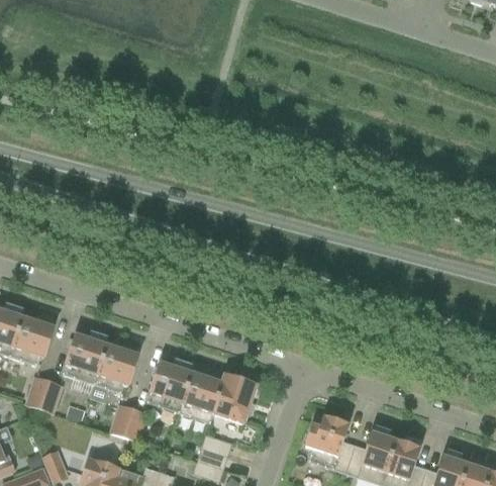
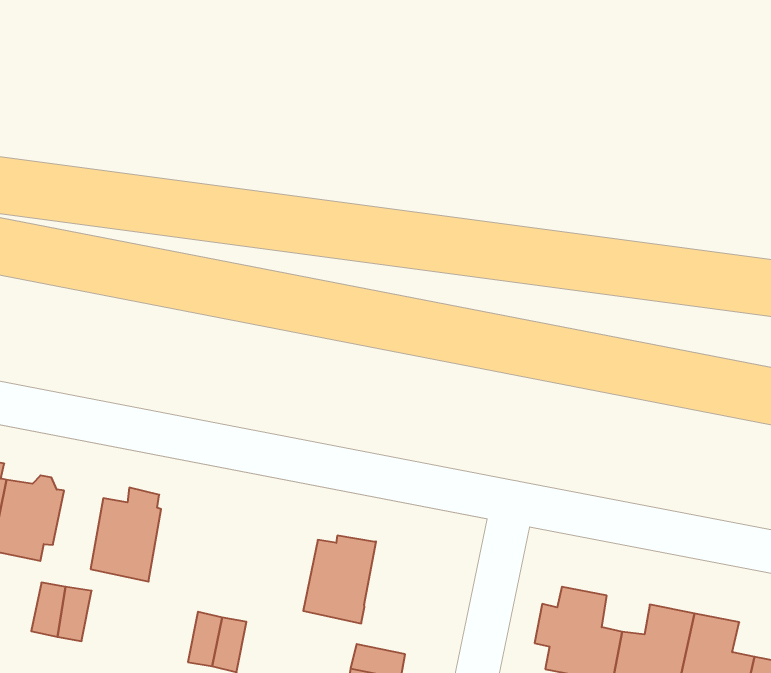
building: [94,345,138,392] -> none
building: [146,359,191,411] -> none
building: [212,375,256,423] -> none

